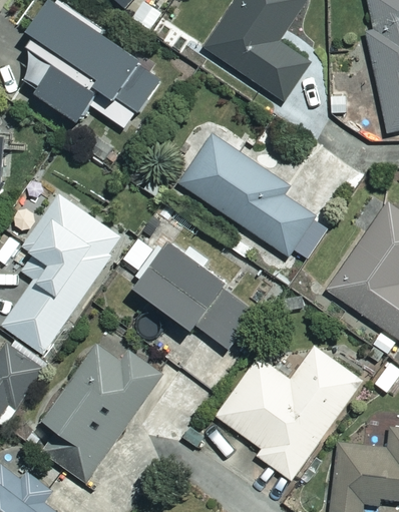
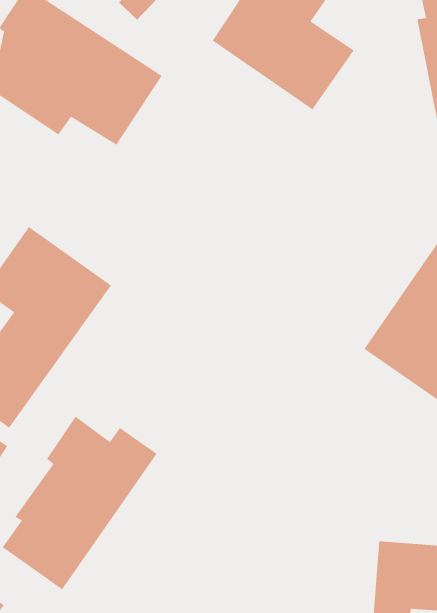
building: [178,135,316,257] -> none
building: [132,239,261,352] -> none
building: [216,347,361,480] -> none

